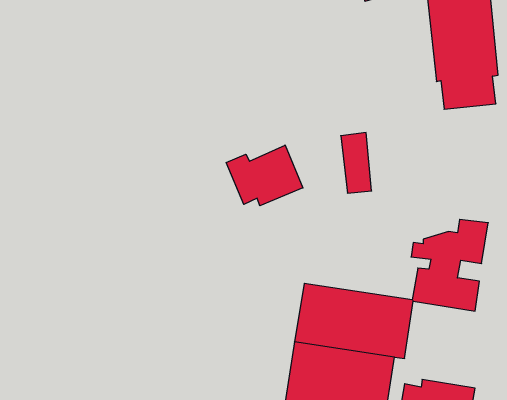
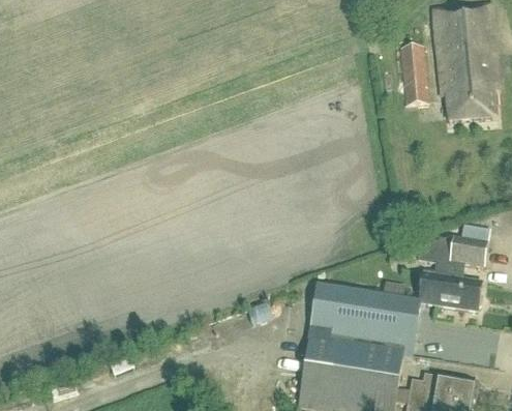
building: [341,133,372,193] -> [400,43,429,100]
building: [226,145,303,206] -> none

